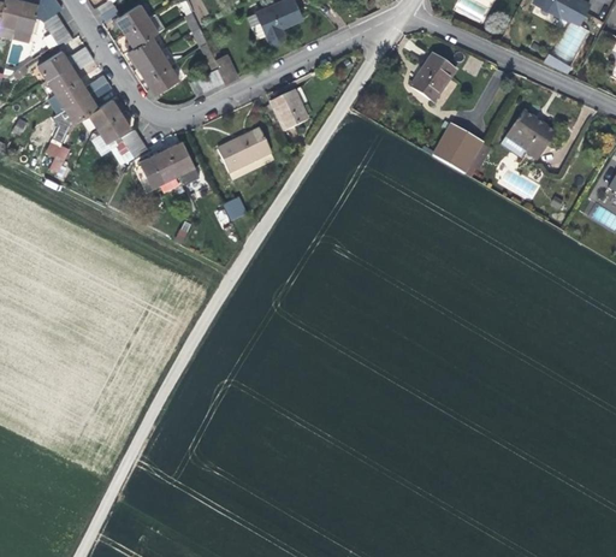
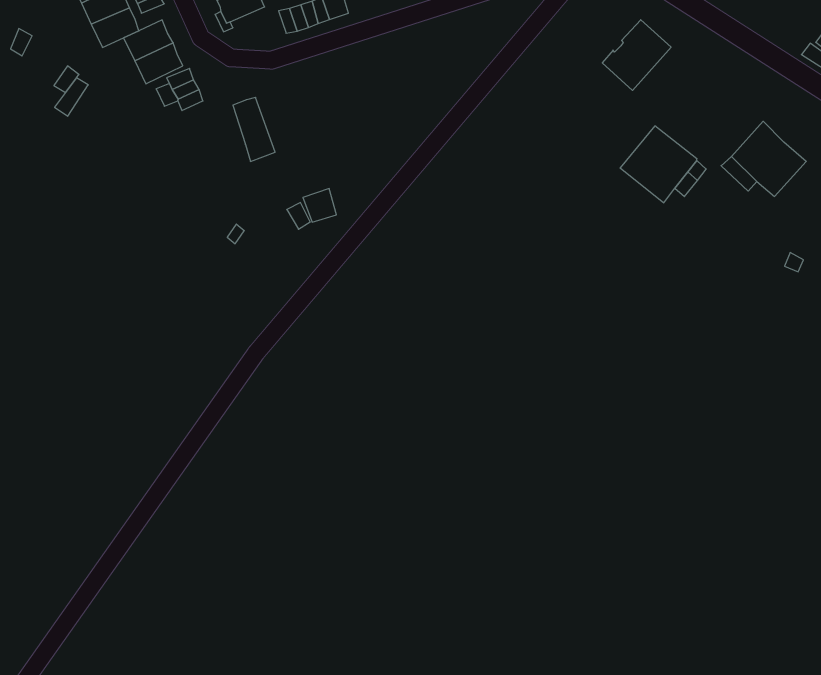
building: [267,89,308,131] -> none
building: [217,128,271,172] -> none
building: [138,148,179,186] -> none

